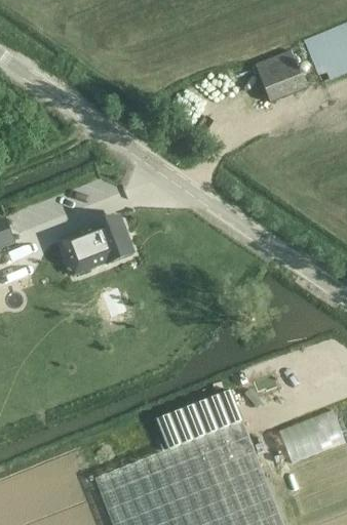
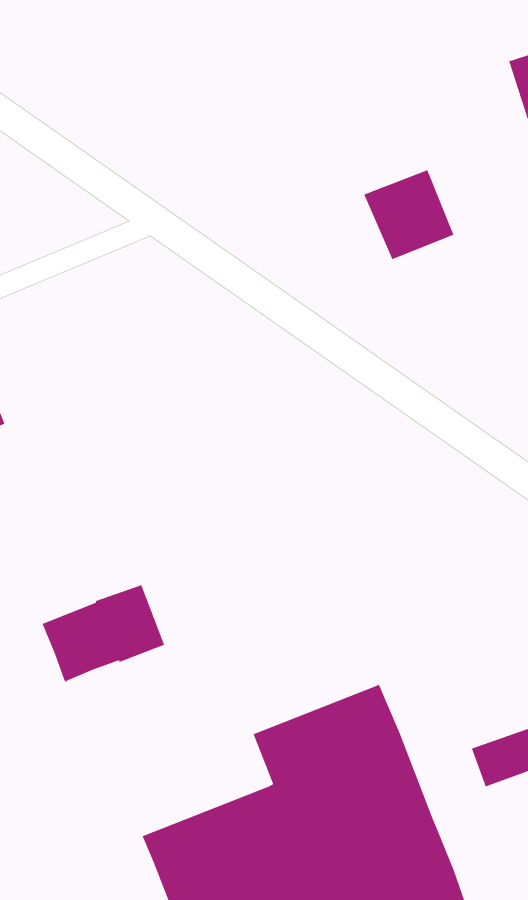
building: [255,50,307,103] -> [363,169,455,260]
building: [63,218,133,275] -> [42,584,165,683]

